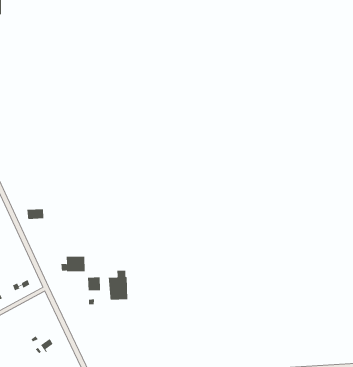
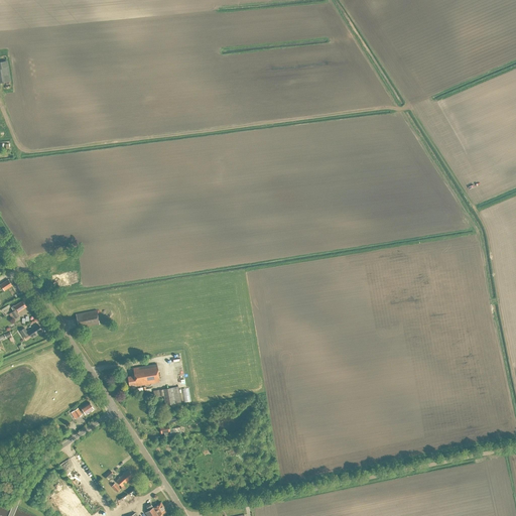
building: [108,270,128,301] -> none

